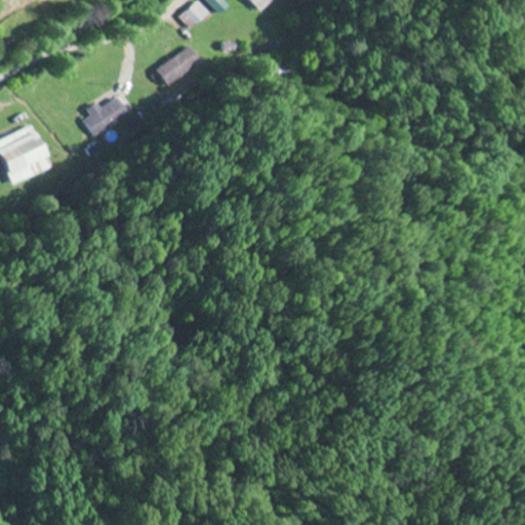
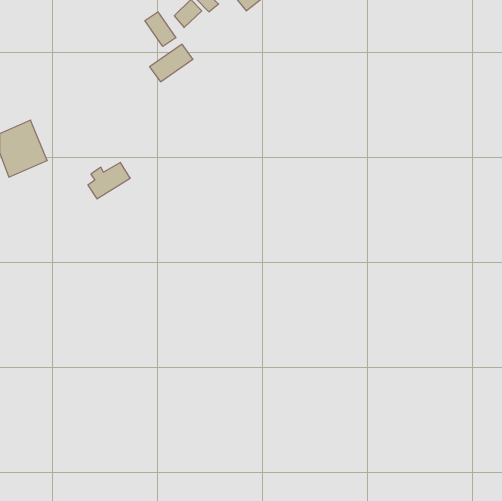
building: none -> [145,12,176,46]
building: [83,96,127,134] -> [88,162,130,199]

